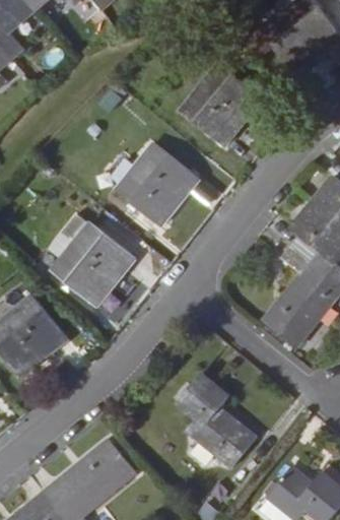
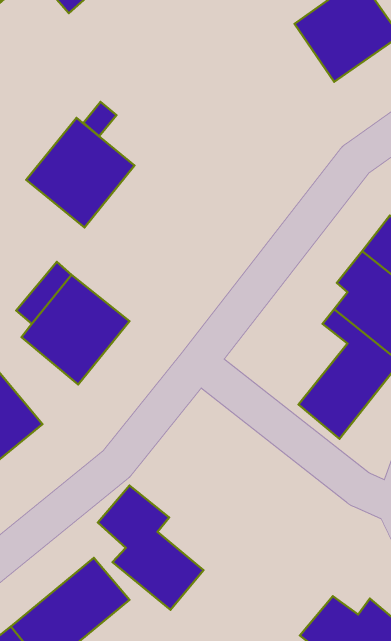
building: [179,63,261,145] -> none
building: [115,141,198,225] -> [26,118,135,227]
building: [175,374,256,469] -> [98,486,204,610]

